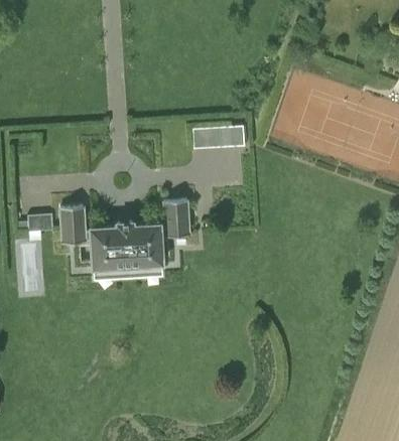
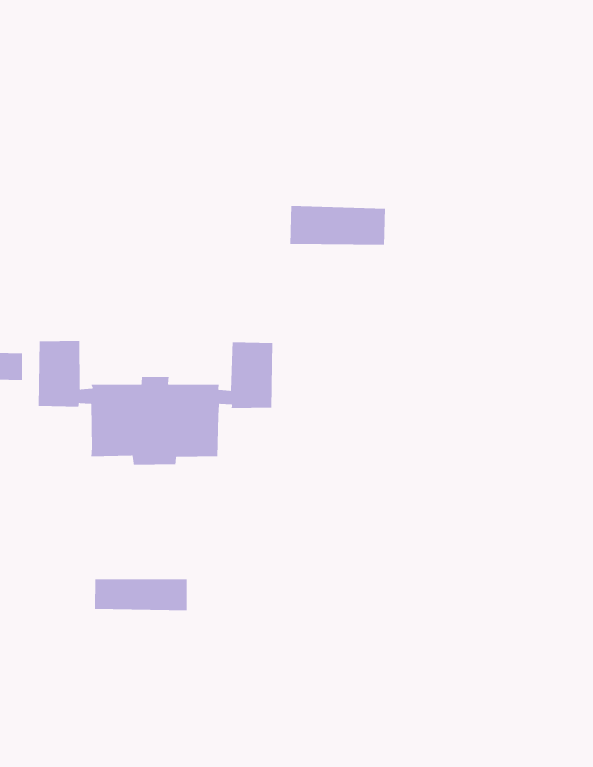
building: none -> [94,579,188,611]

